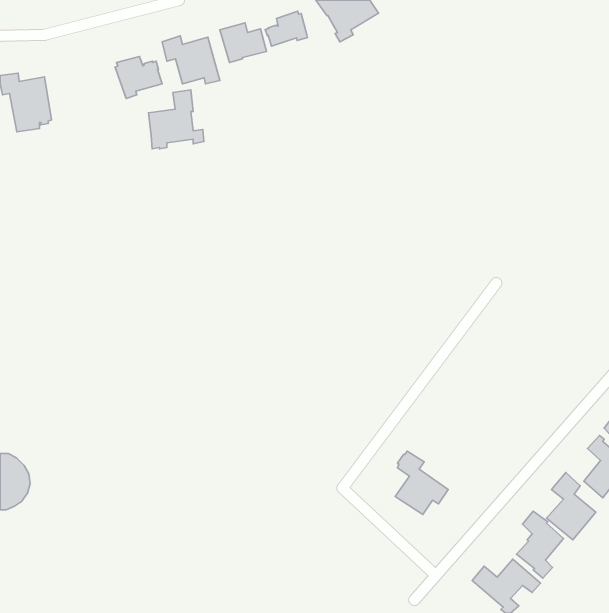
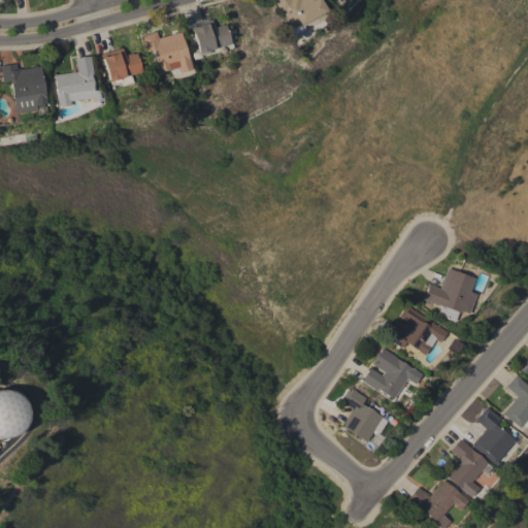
building: [265,11,308,46] -> none
building: [149,90,204,149] -> [57,56,104,106]
building: none -> [424,268,477,322]
building: none -> [388,305,448,355]
building: none -> [363,348,423,401]

